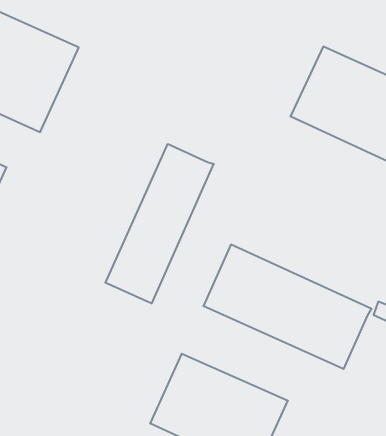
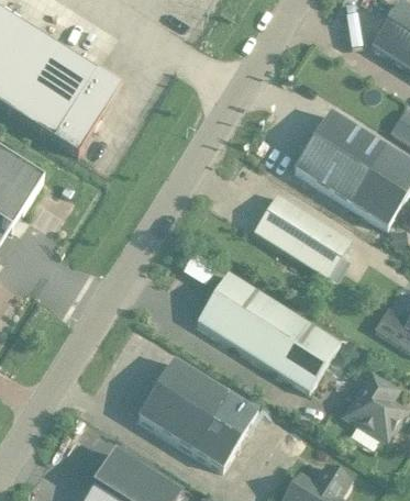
building: [105,144,214,303] -> none
building: none -> [253,191,351,276]

